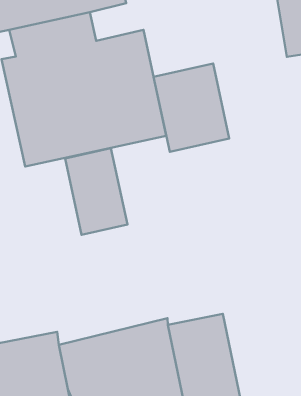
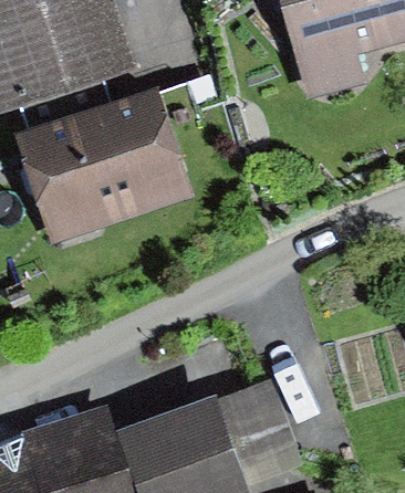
building: [154,63,229,152] -> none
building: [65,148,127,235] -> none

